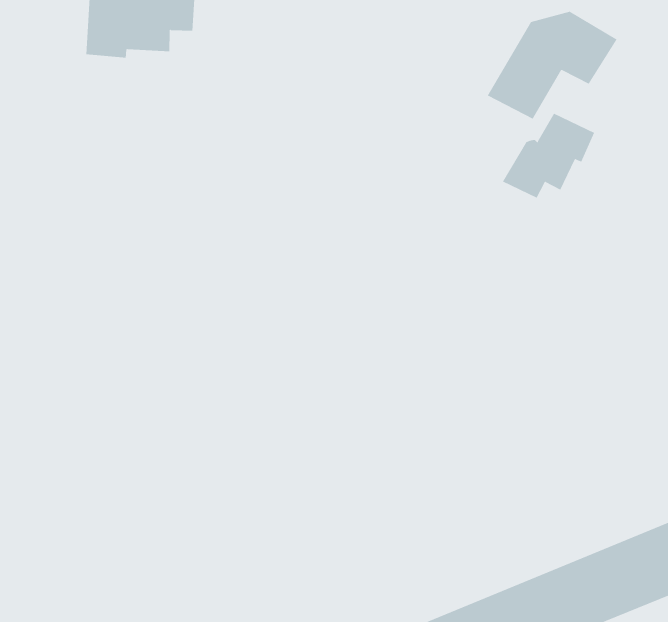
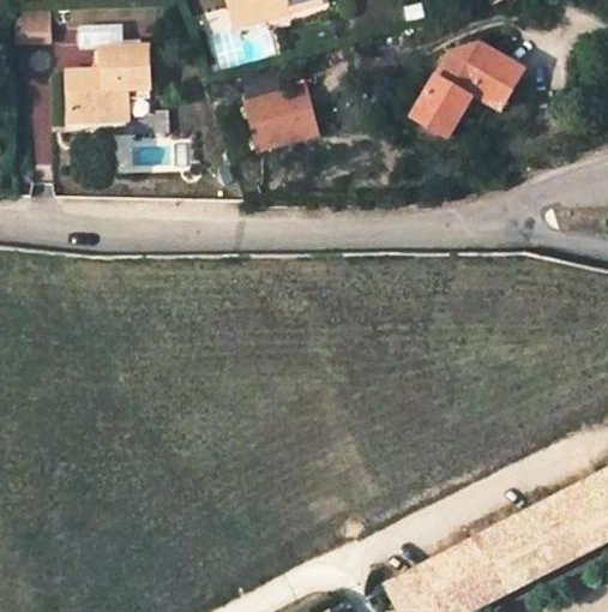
building: none -> [247,94,319,157]
building: [502,113,595,199] -> none

